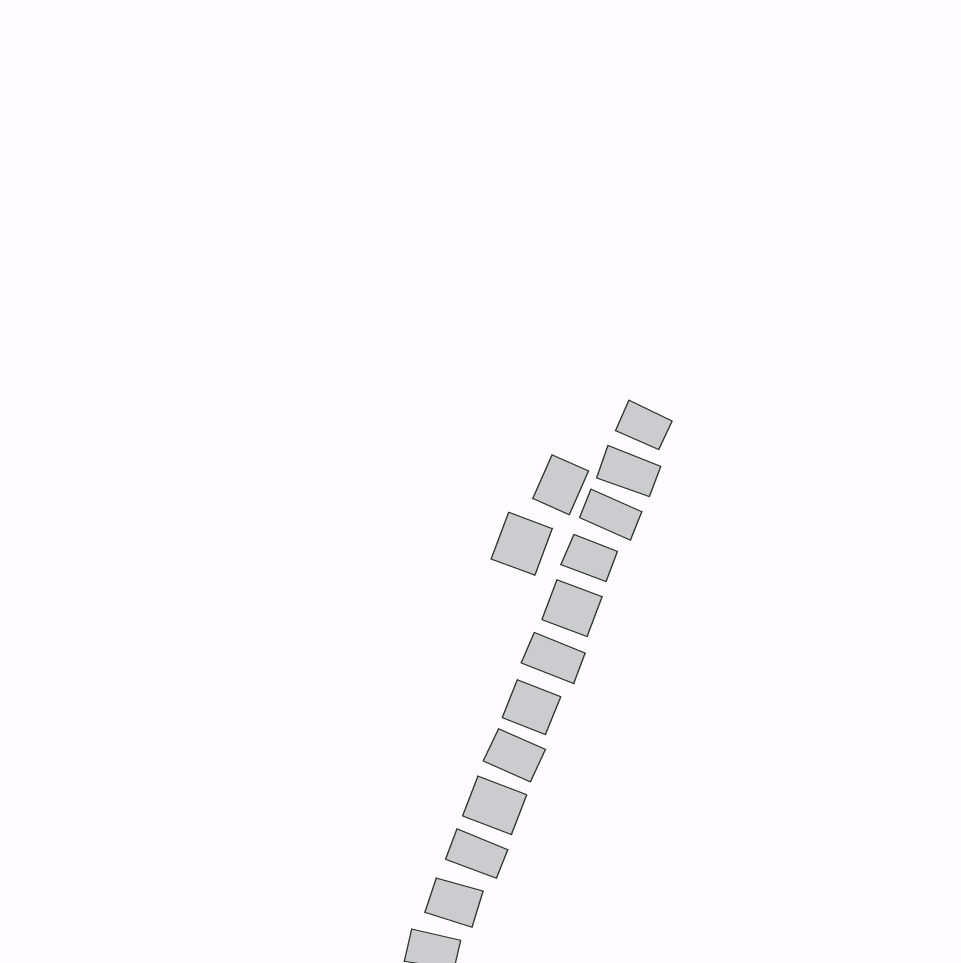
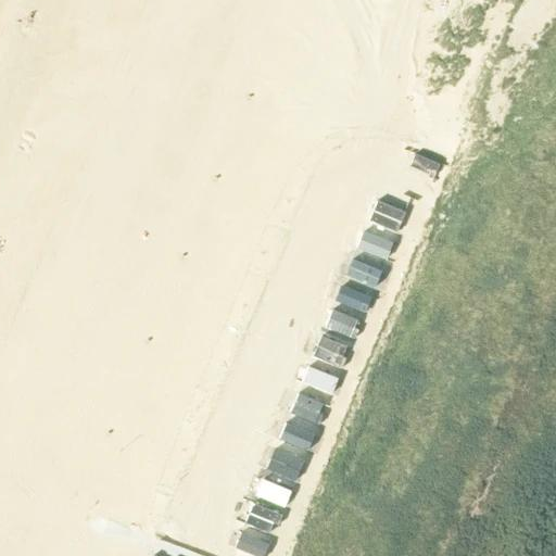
building: none -> [369,202,404,230]
building: [533,455,588,515] -> none
building: [491,512,552,575] -> none

